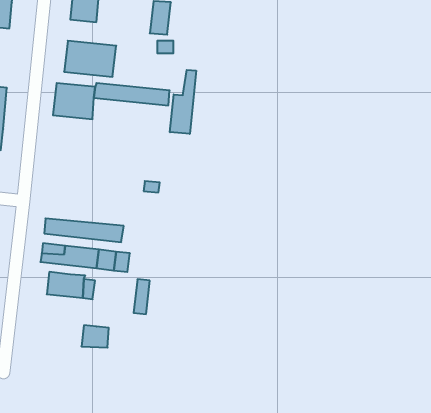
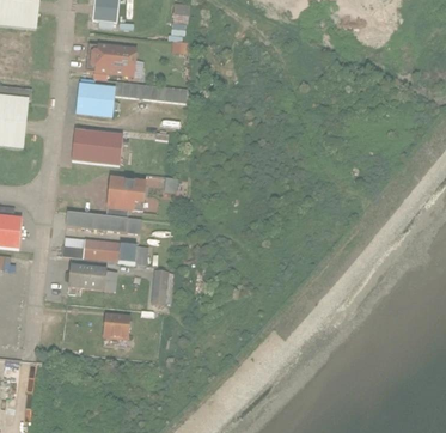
building: [170,70,196,134] -> none
building: none -> [73,130,124,165]
building: none -> [109,176,148,212]

